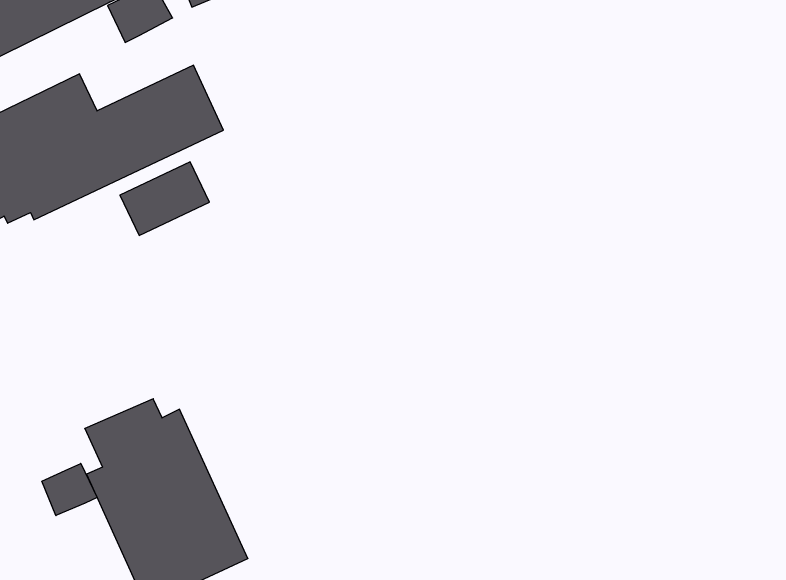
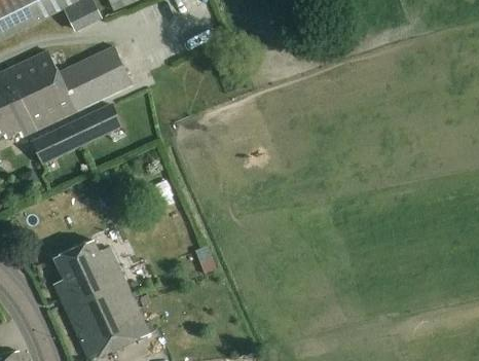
building: none -> [31,120,82,164]
building: [42,463,97,516] -> none

